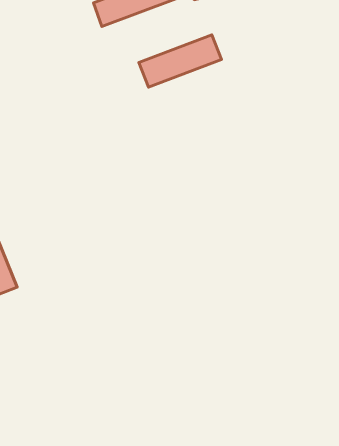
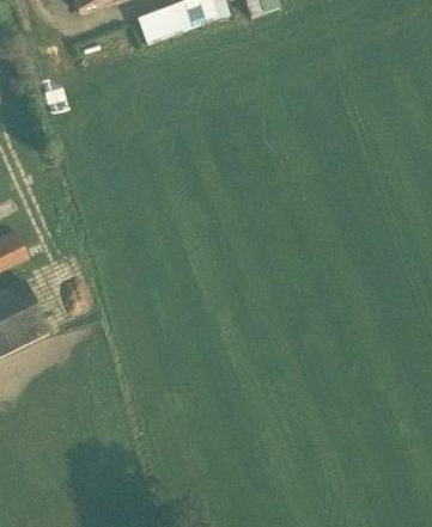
building: [139,35,221,87] -> none

